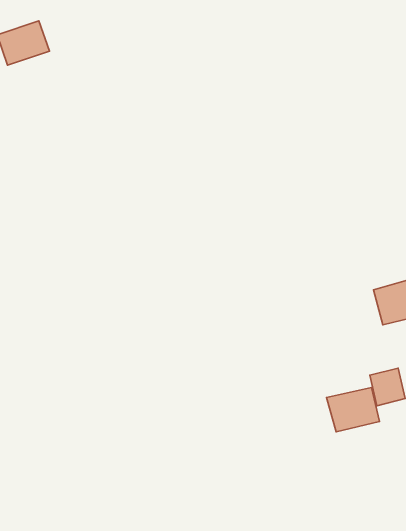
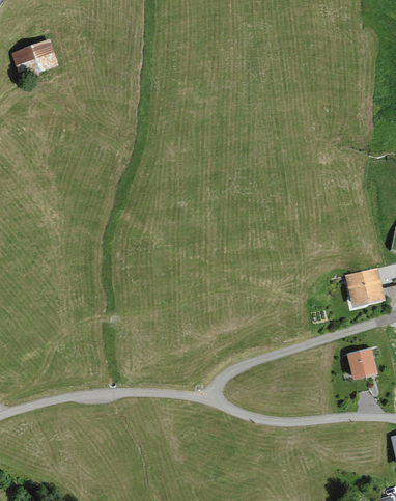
building: [326,387,379,432] -> none

